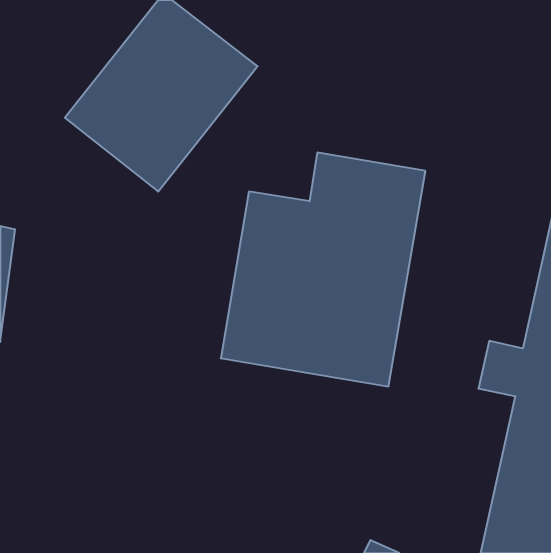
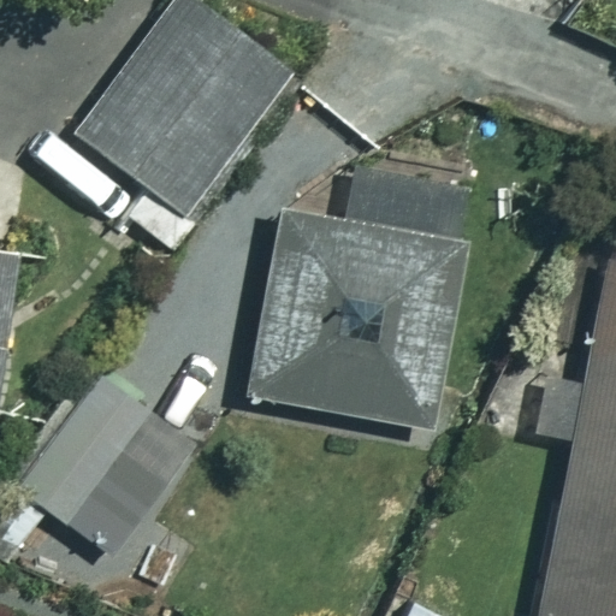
building: none -> [17,372,197,556]

